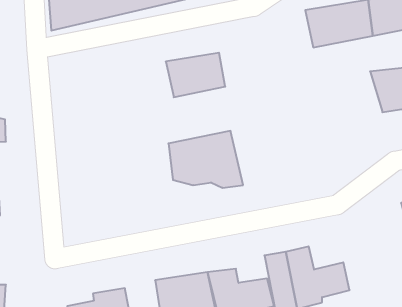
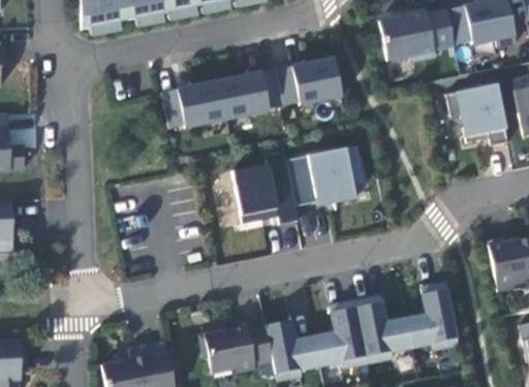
building: none -> [286,56,342,105]
building: none -> [173,78,222,130]
building: none -> [302,144,367,206]
building: none -> [423,281,460,352]

